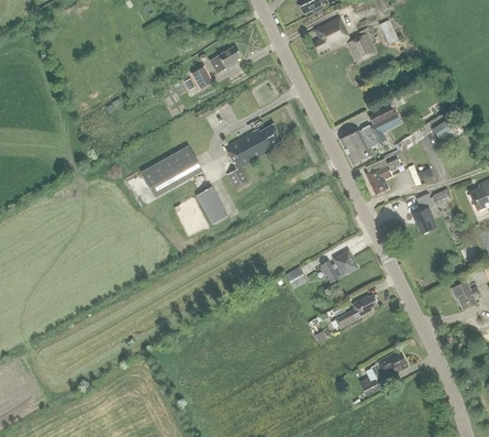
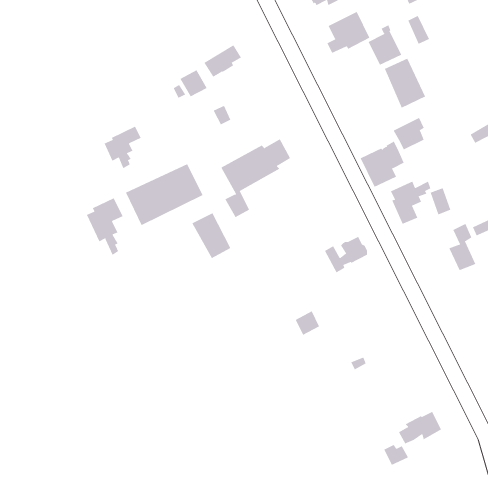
building: none -> [384,58,426,109]
building: none -> [104,126,142,169]
building: none -> [86,197,123,256]
building: [321,251,357,282] -> [324,236,368,273]
building: [335,295,377,328] -> none

